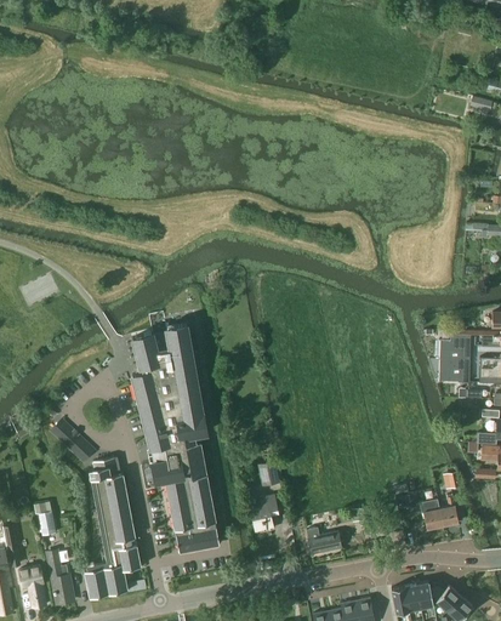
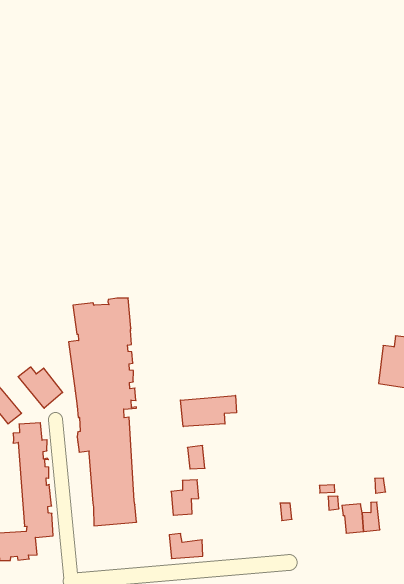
building: none -> [18,367,63,408]
building: none -> [180,395,236,427]
building: [307,528,342,553] -> [169,534,203,559]

